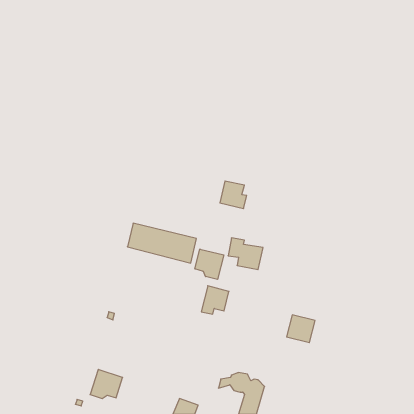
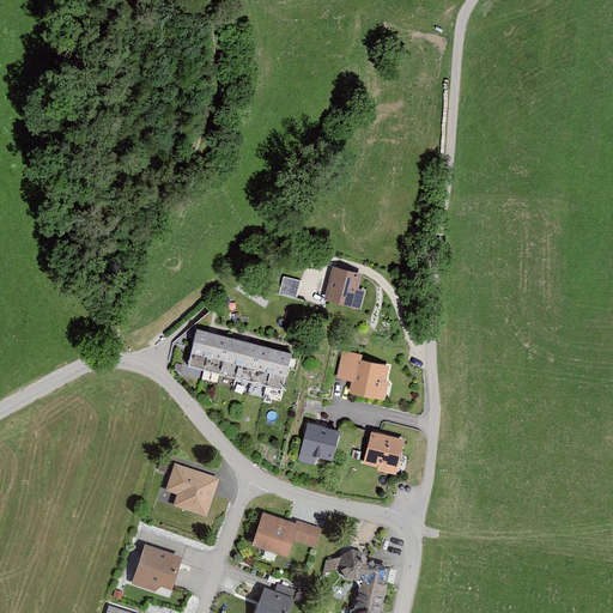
building: [195,249,224,279] -> none
building: none -> [165,463,218,515]
building: [287,315,315,343] -> [362,431,403,472]
building: none -> [253,511,320,554]

